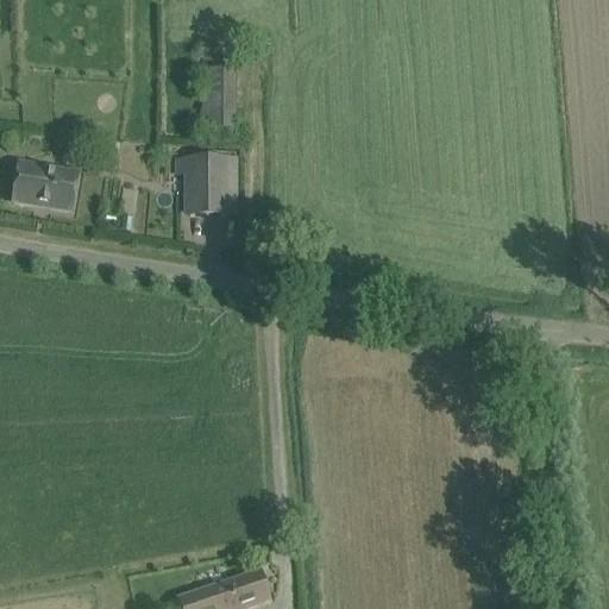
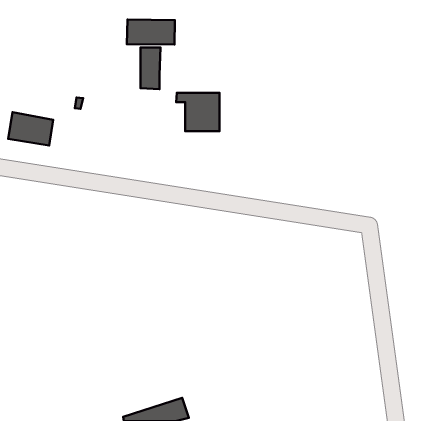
building: none -> [127,19,175,44]
building: [175,157,237,212] -> [176,93,219,131]

